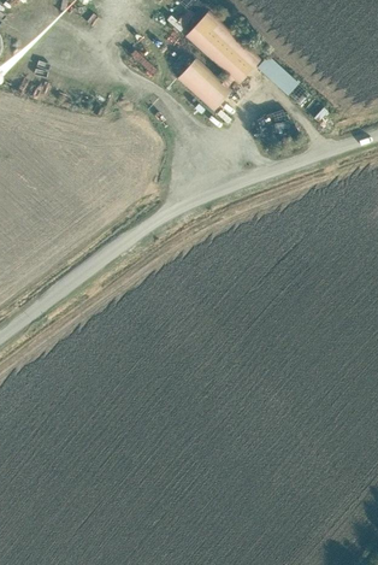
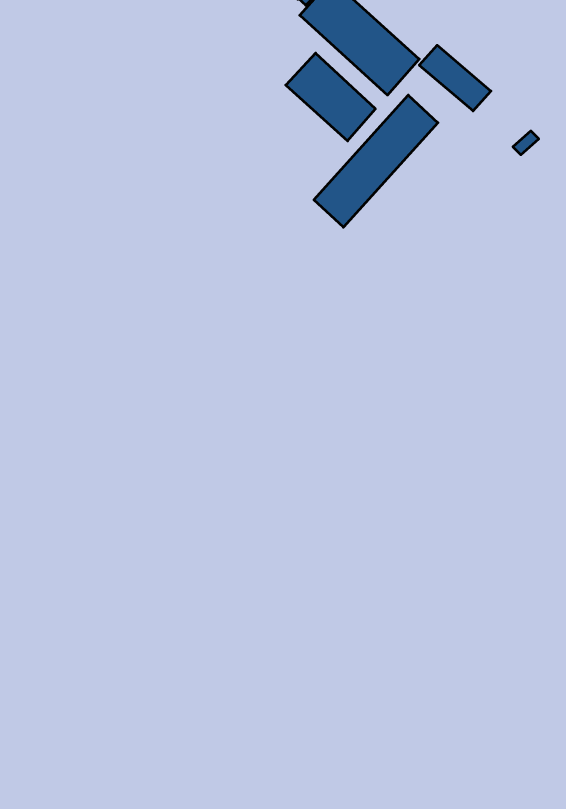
building: none -> [314,95,438,227]

